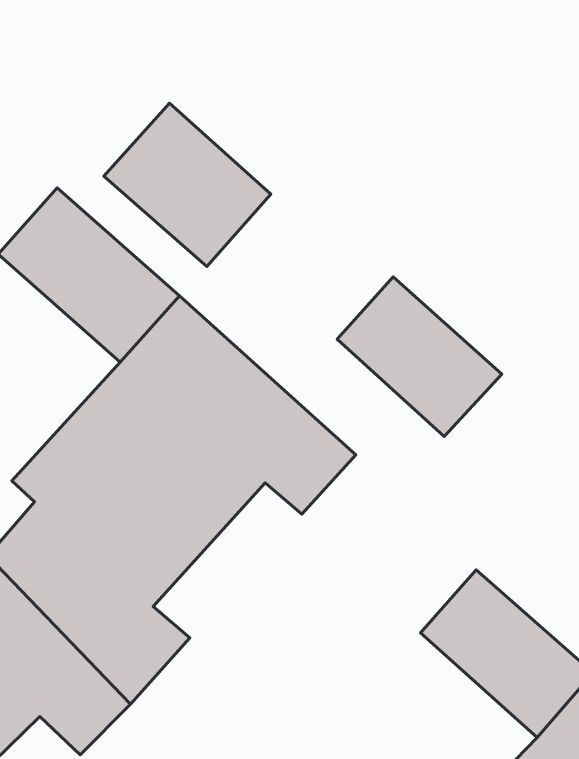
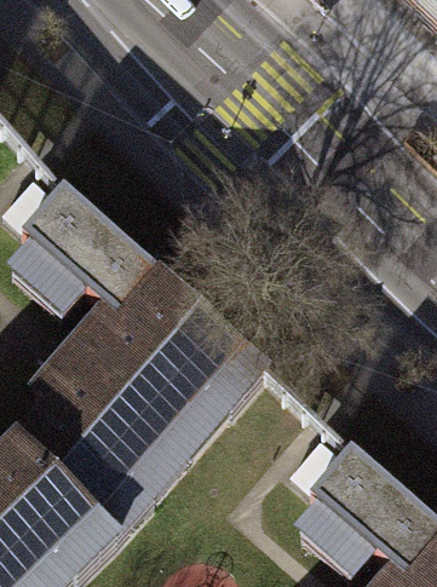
building: [104,103,271,266] -> none
building: [337,277,502,437] -> none

